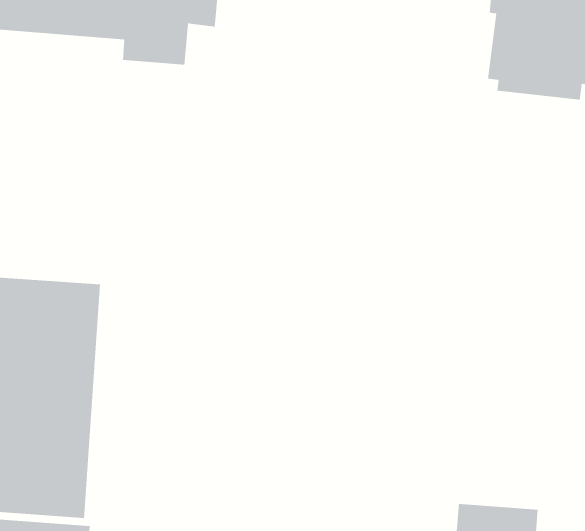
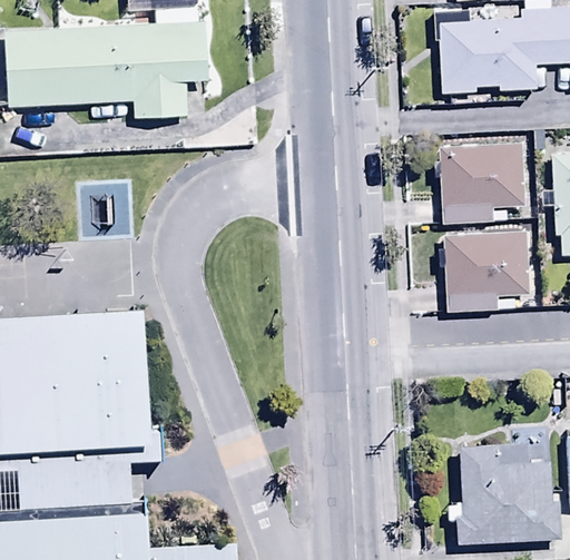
building: none -> [440,145,524,223]
building: none -> [443,230,538,313]

